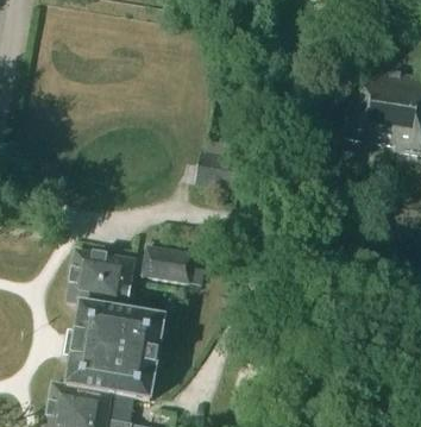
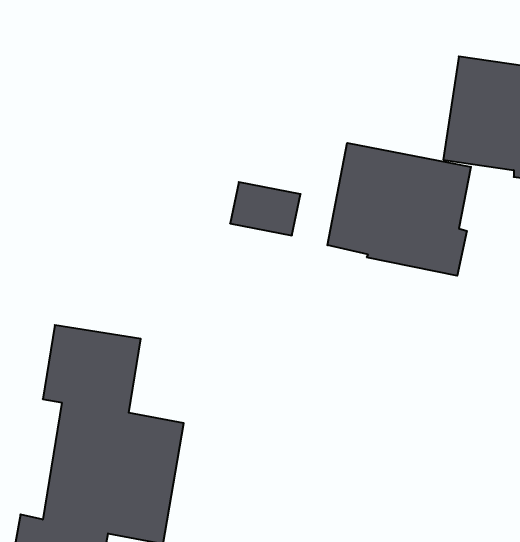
building: none -> [327,143,471,276]
building: [144,247,194,282] -> none

